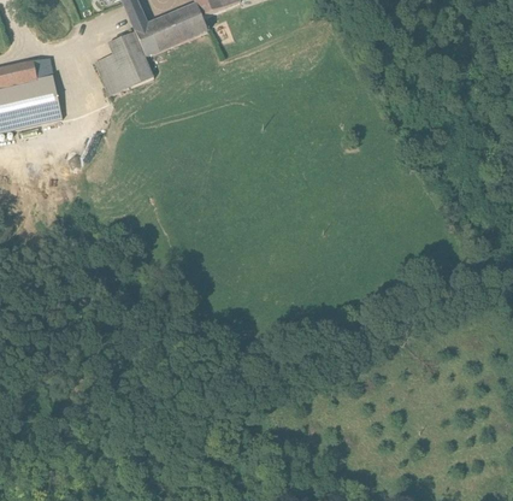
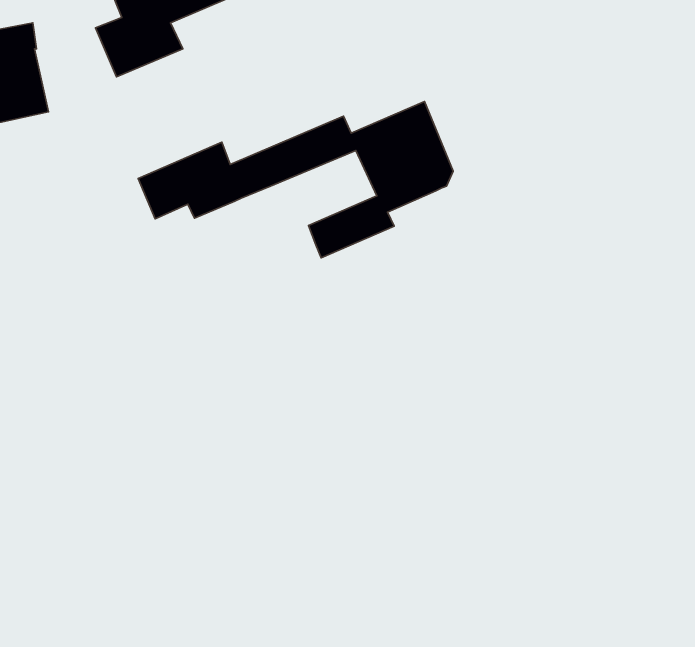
building: none -> [138,102,453,258]

